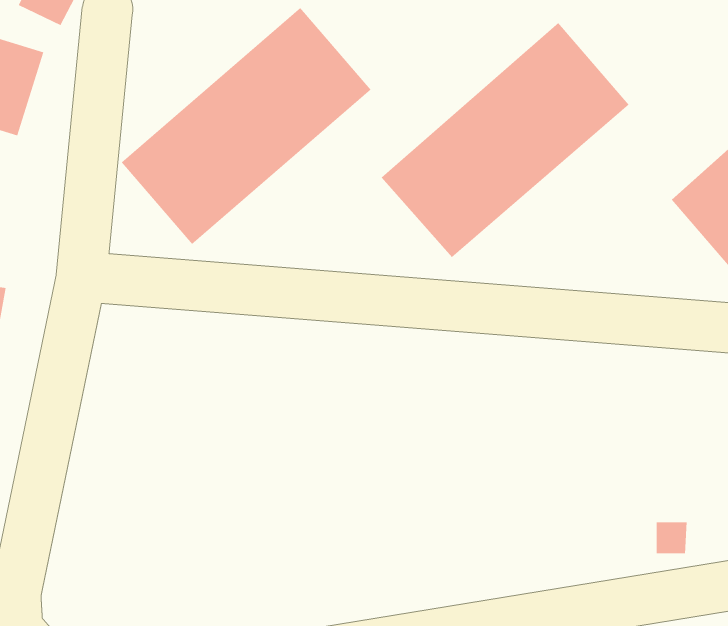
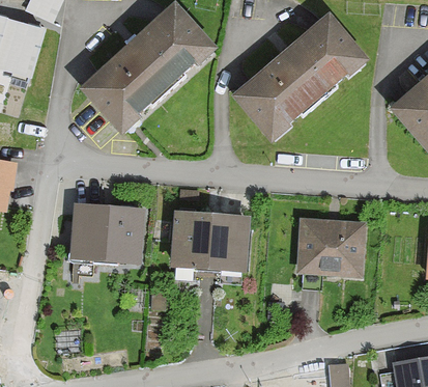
building: none -> [72,206,144,265]
building: none -> [175,215,250,273]
building: none -> [296,218,367,279]

